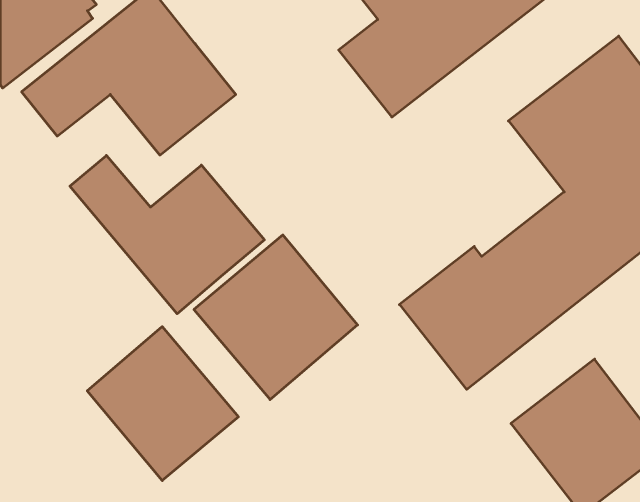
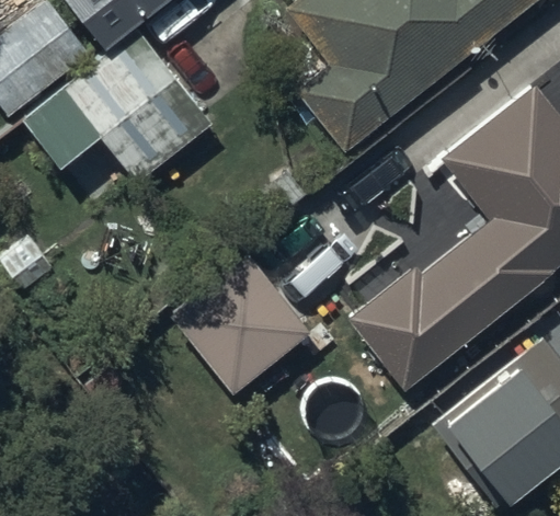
building: [70,155,264,314] -> none
building: [87,327,238,481] -> none

